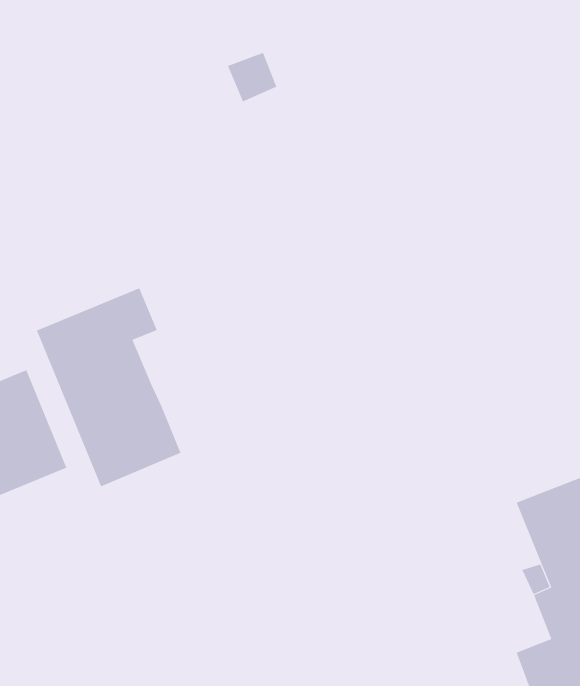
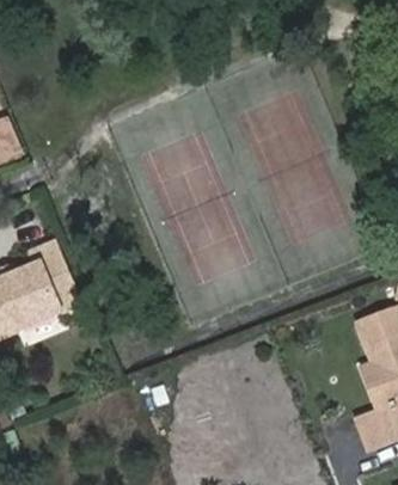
building: [36,288,181,487] -> none

